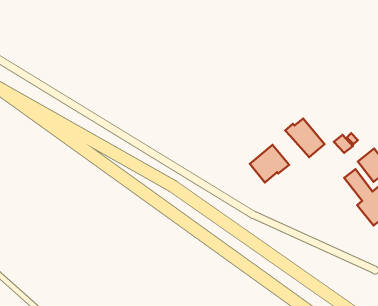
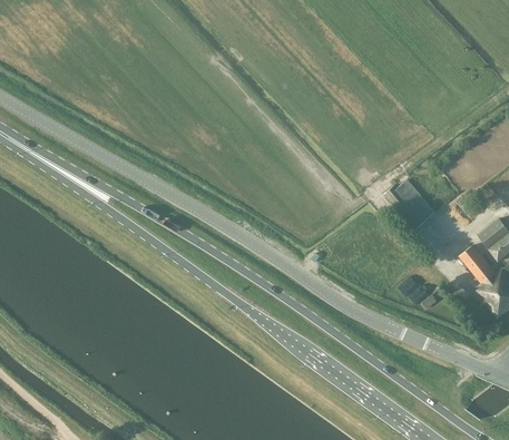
building: [250,145,289,183] -> none

